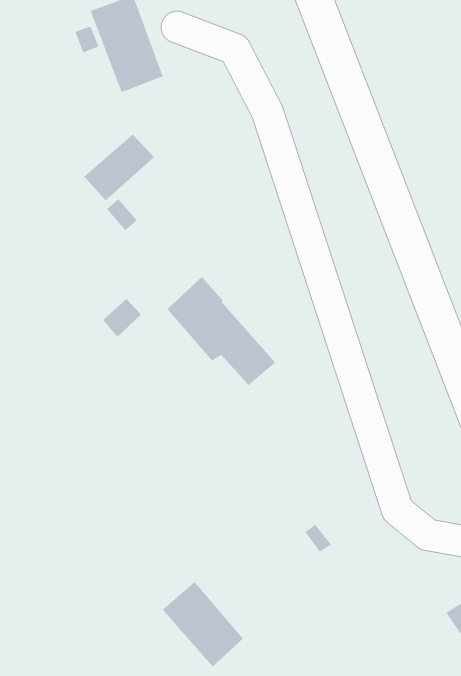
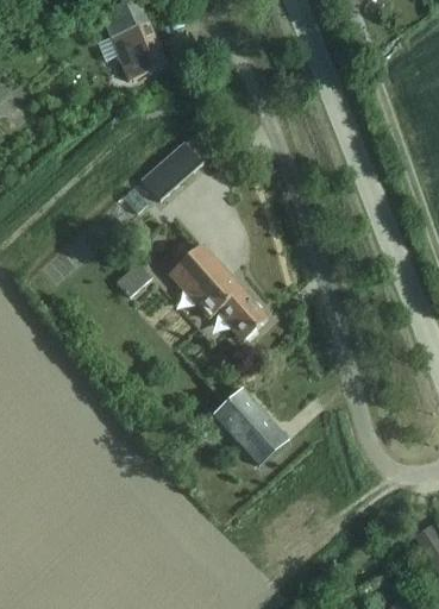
building: [84,134,155,201] -> [139,142,201,200]
building: [162,581,244,667] -> [214,389,286,464]

